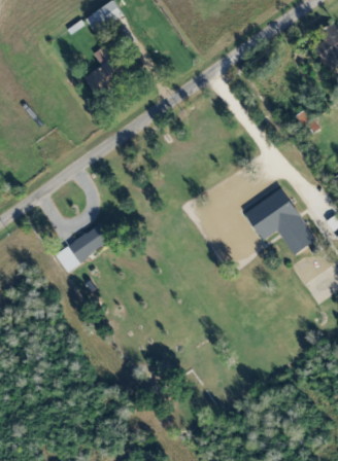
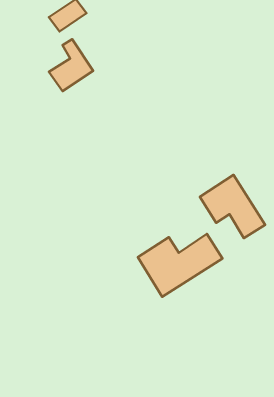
building: [53,228,109,268] -> none
building: none -> [138,234,222,297]

